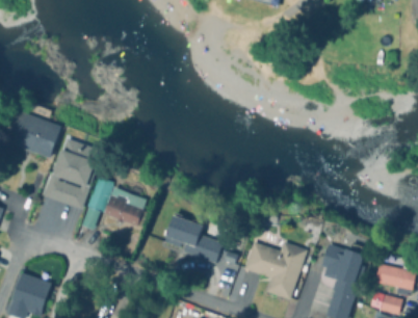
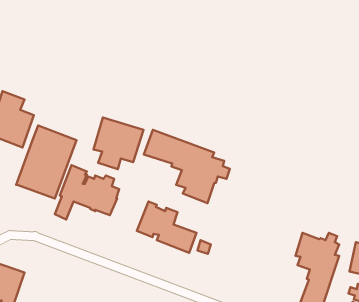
building: none -> [93,117,144,169]
building: none -> [144,130,230,203]
building: [243,242,307,300] -> none

